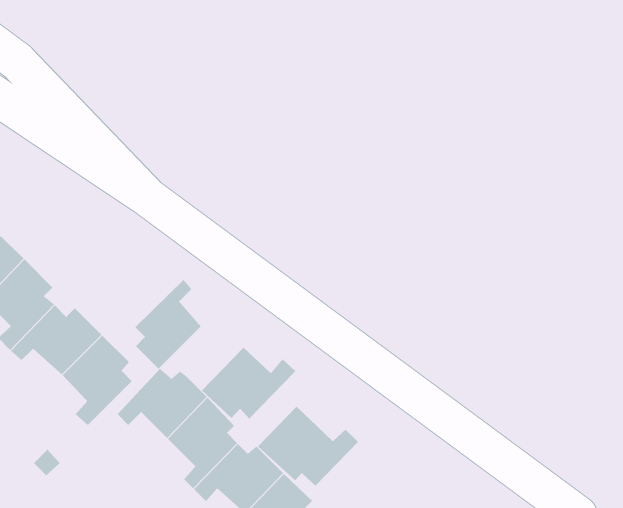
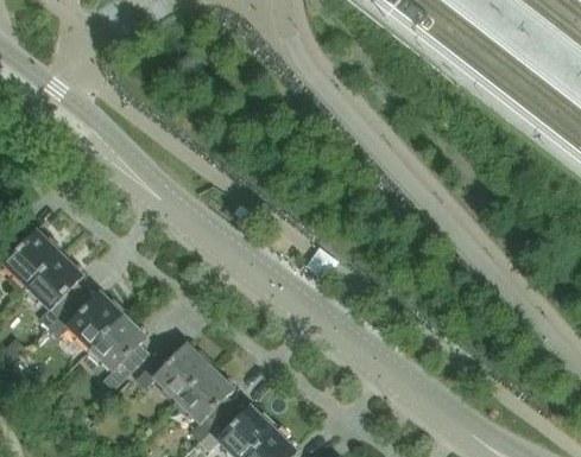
building: [134,279,202,370] -> none
building: [201,347,296,420] -> none
building: [257,406,359,487] -> none

